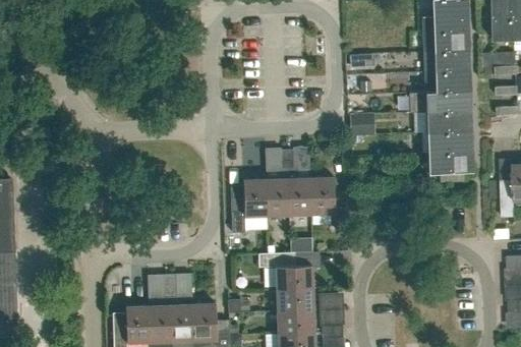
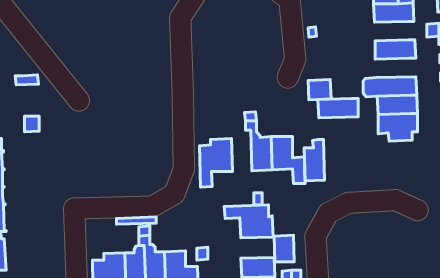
building: [424,50,469,71] -> none
building: [425,91,470,112] -> [318,98,358,118]
building: [267,170,289,216] -> [304,140,324,181]
building: [277,288,313,311] -> none

